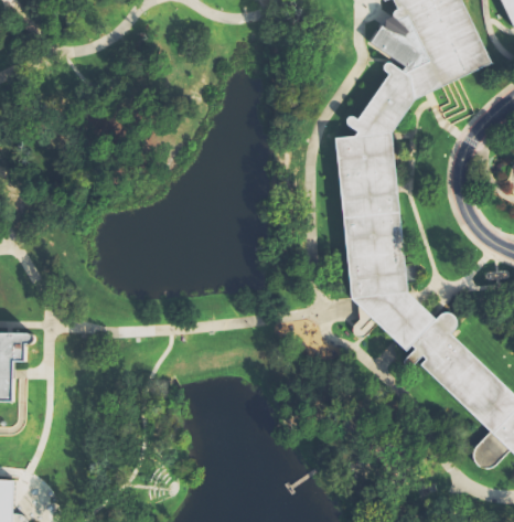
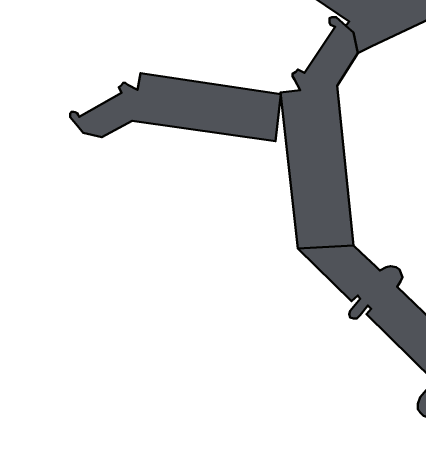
building: none -> [70,73,281,141]

